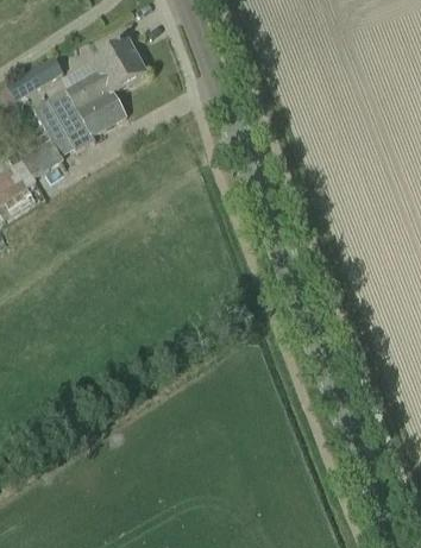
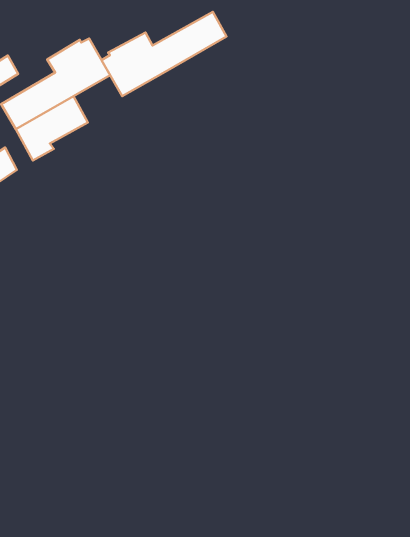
building: none -> [102,12,227,96]

